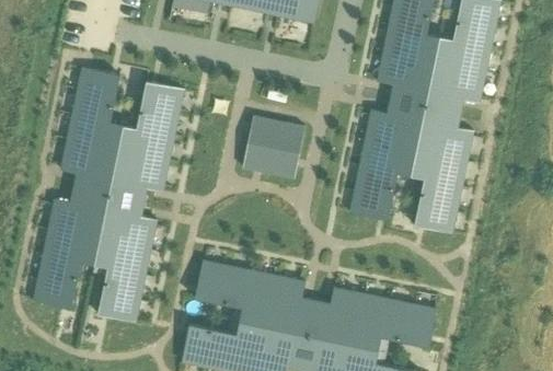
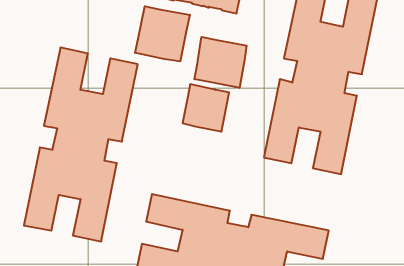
building: none -> [135,6,190,61]
building: none -> [194,37,247,88]

